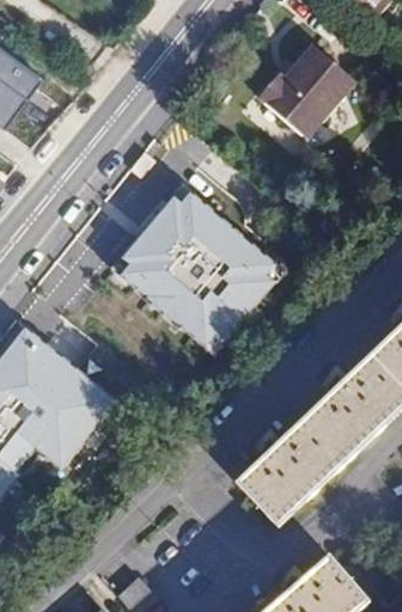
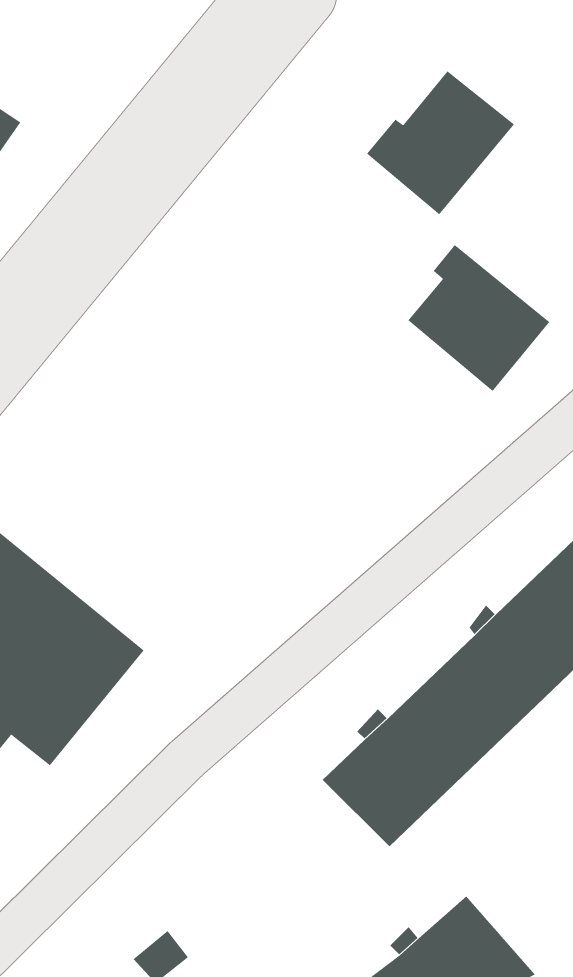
building: none -> [408,244,550,392]
building: [114,188,286,359] -> none

